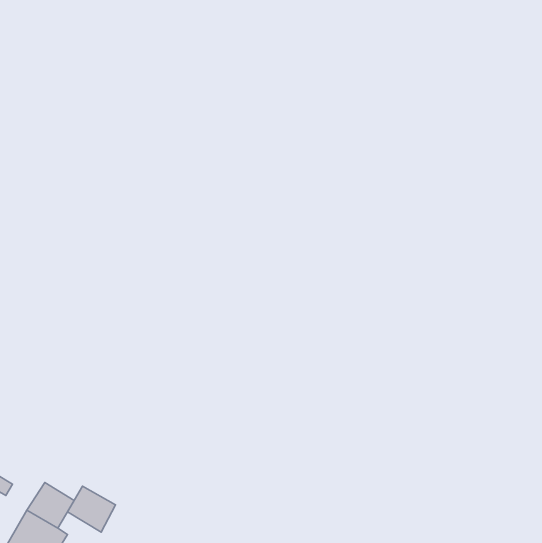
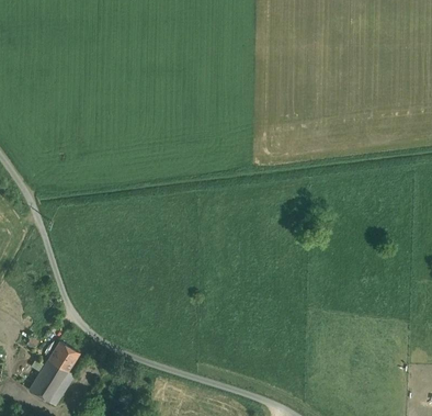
building: [67,486,115,532] -> none

